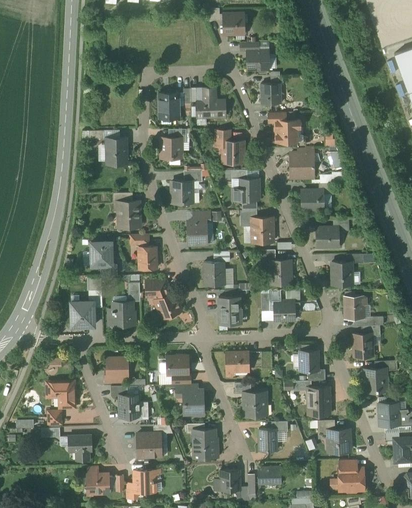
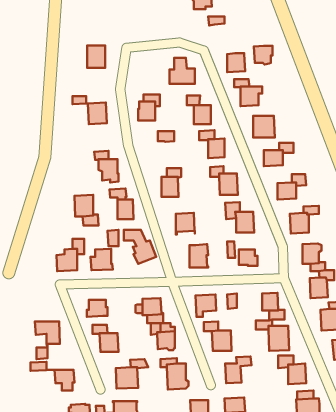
building: [247,51,268,72] -> [254,46,273,65]
building: [159,94,179,119] -> [87,45,105,68]
building: [172,182,192,204] -> none

